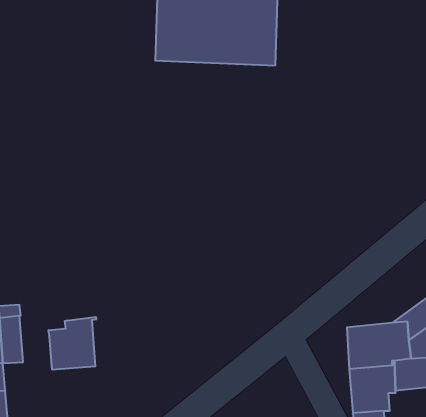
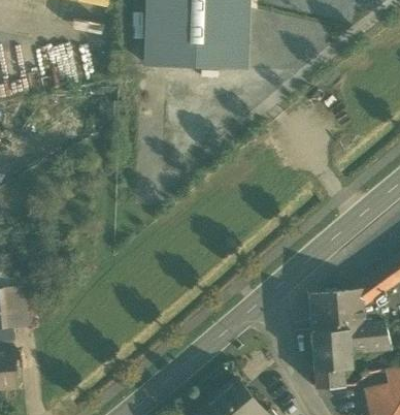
building: [49,317,96,370] -> none

